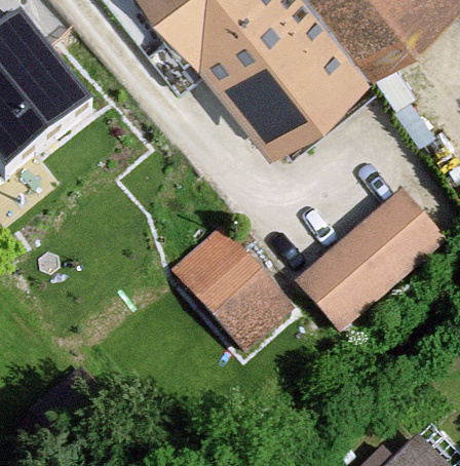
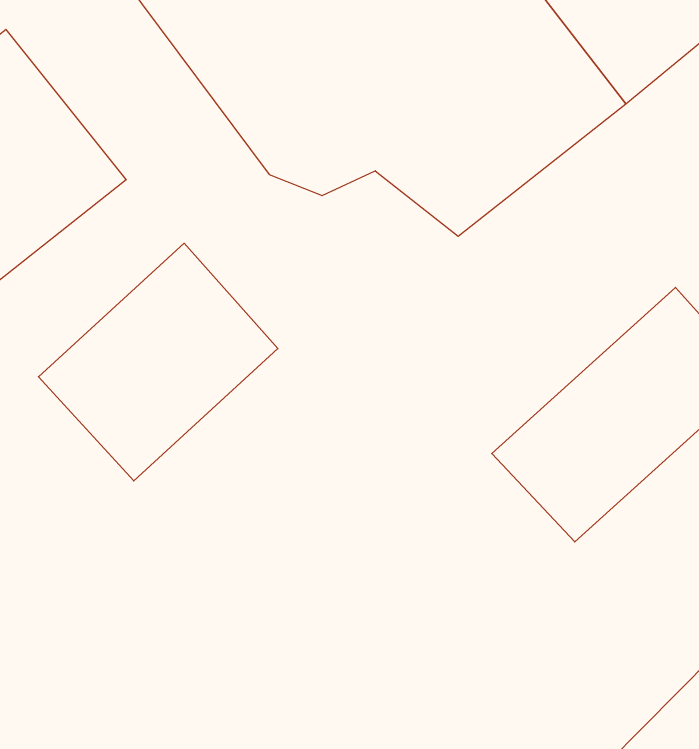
building: none -> [38,243,278,481]
building: [156,222,303,371] -> none

